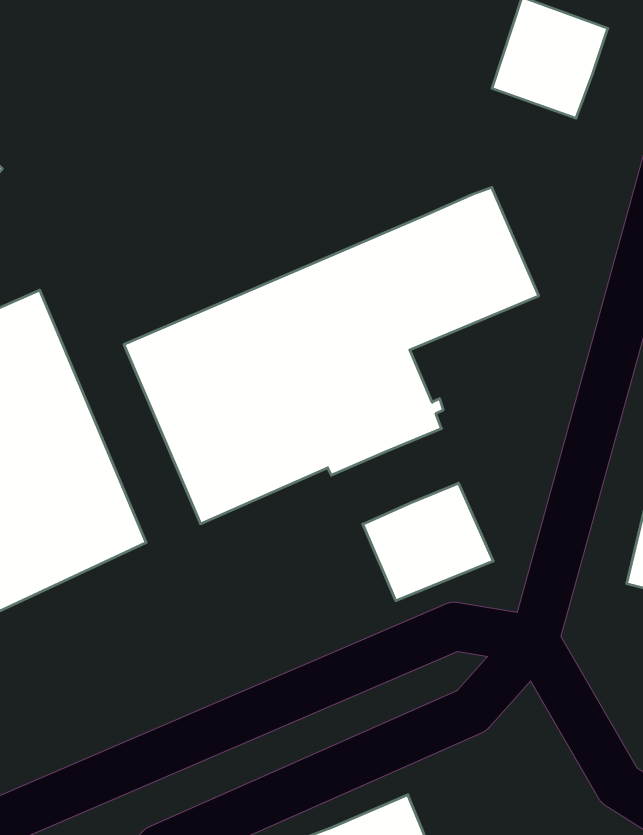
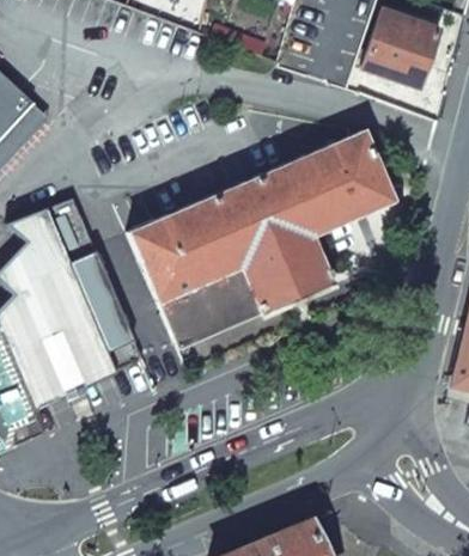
building: [363,483,493,601] -> none

